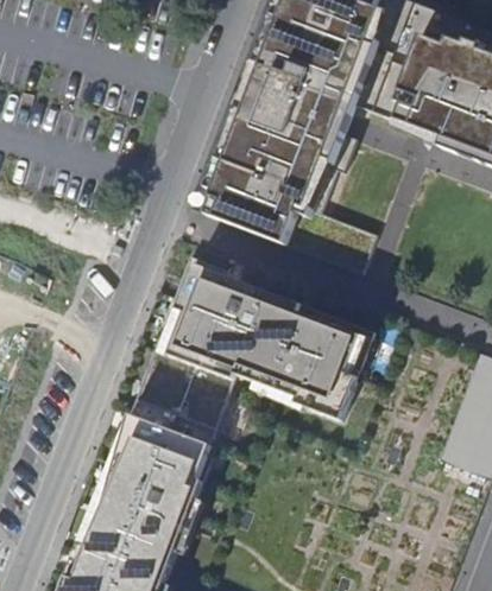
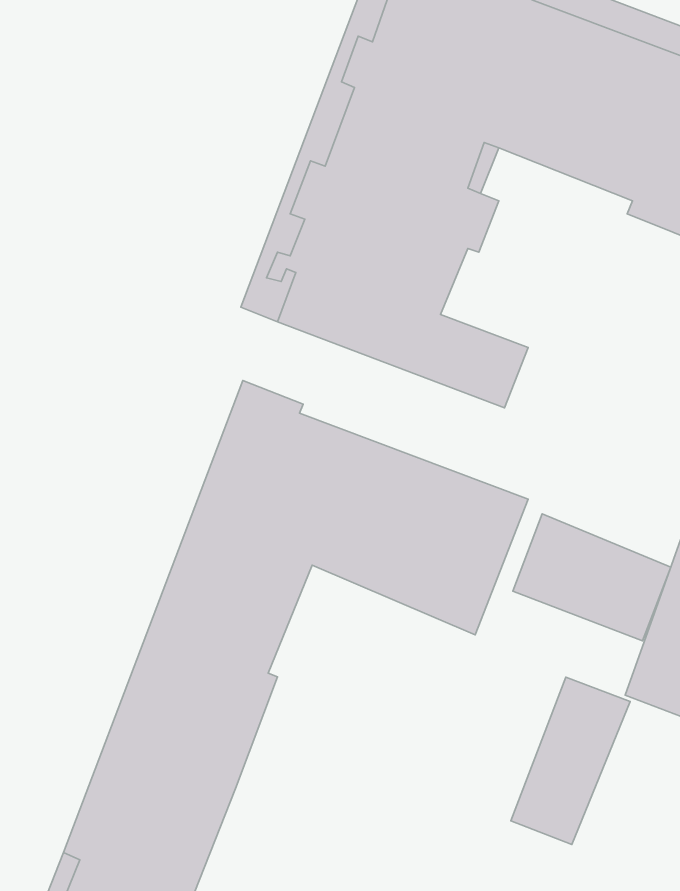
building: none -> [513,514,671,641]
building: none -> [511,677,630,844]

